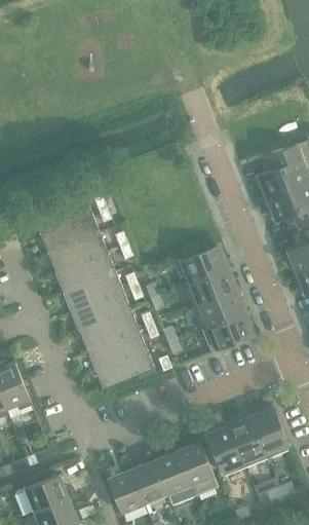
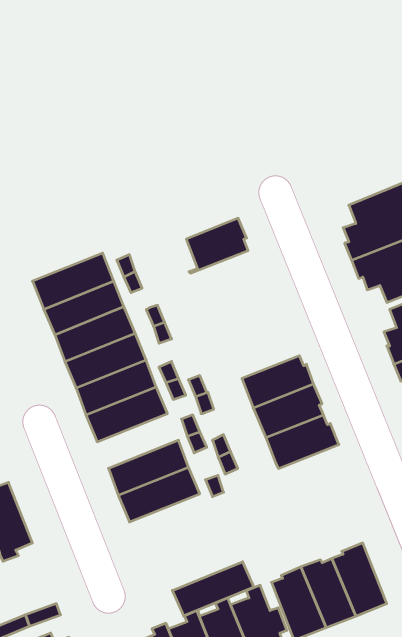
building: [182,246,227,286] -> [186,218,248,273]
building: [79,311,139,351] -> none
building: none -> [172,562,254,616]

